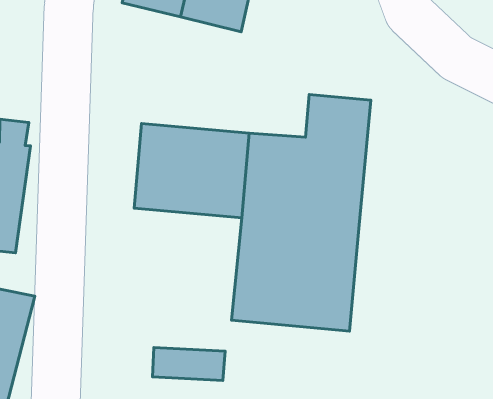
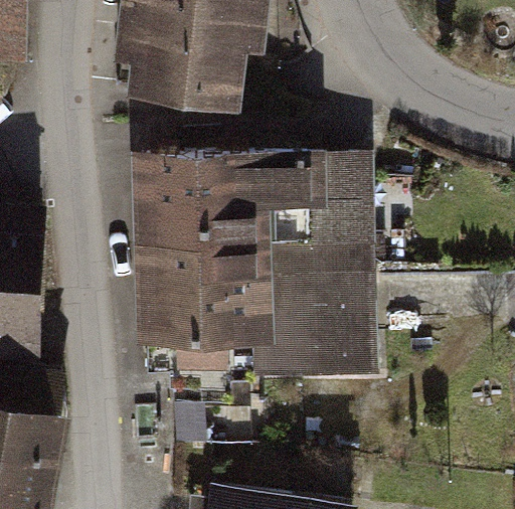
building: none -> [147,152,306,197]
building: none -> [150,277,254,376]

